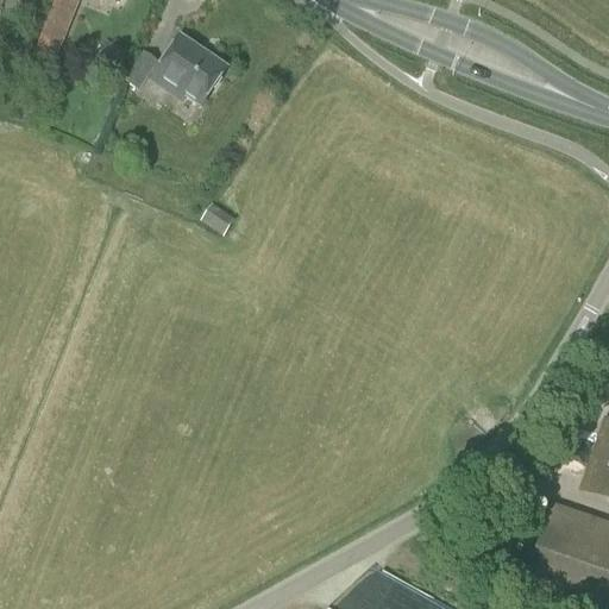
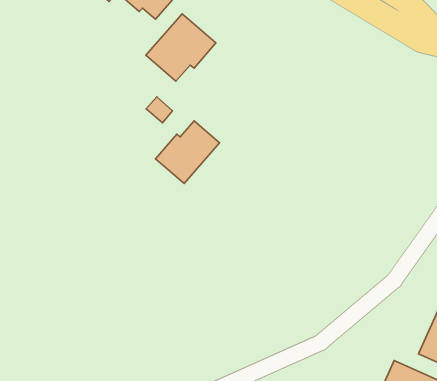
building: none -> [146,14,216,81]
building: none -> [156,121,219,183]

